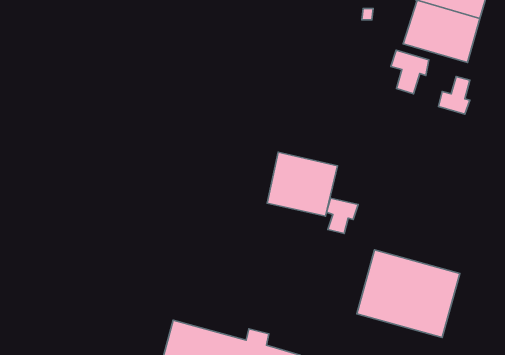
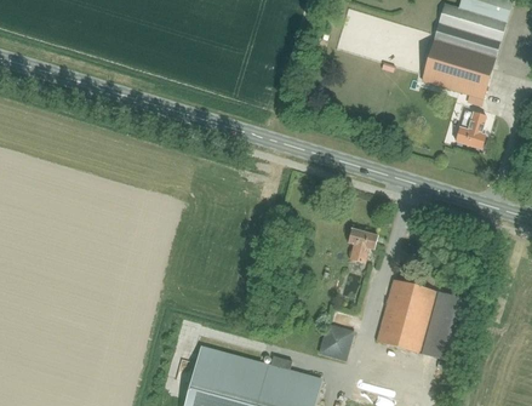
building: [391,50,429,94] -> none
building: [267,152,338,216] -> none
building: none -> [316,322,354,361]

